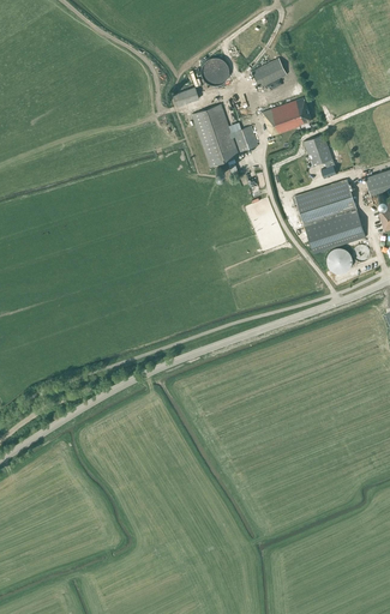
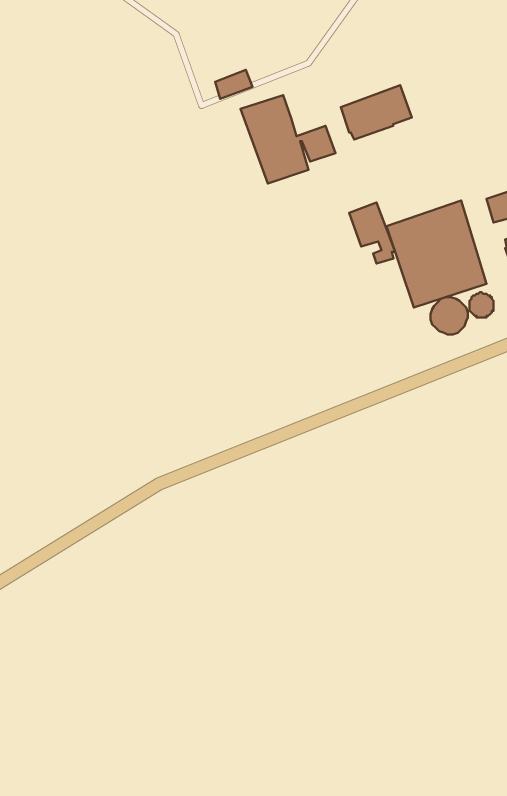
building: [200,58,229,85] -> none
building: [251,58,287,88] -> none
building: [304,134,336,177] -> [349,203,395,264]

